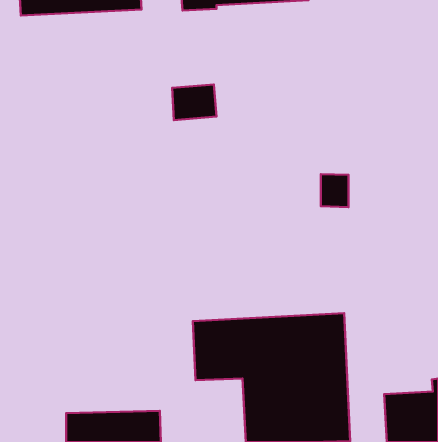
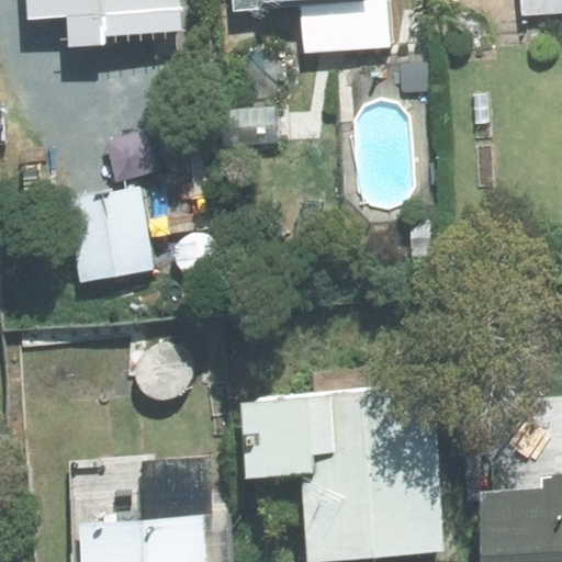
building: none -> [64,188,153,293]

